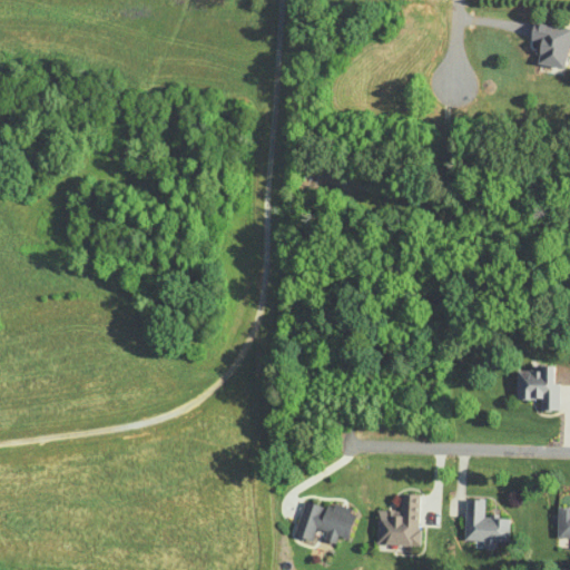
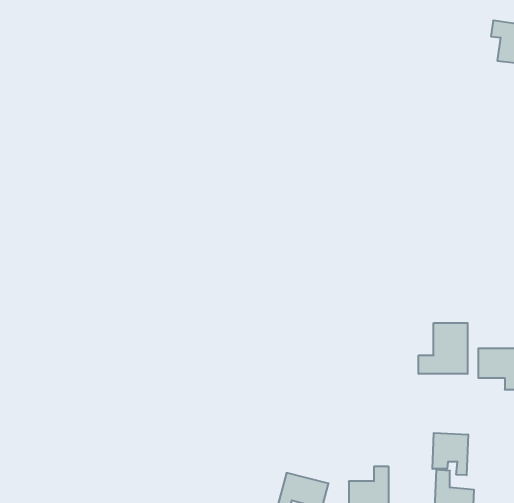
building: none -> [419,323,468,374]
building: none -> [432,433,468,475]

